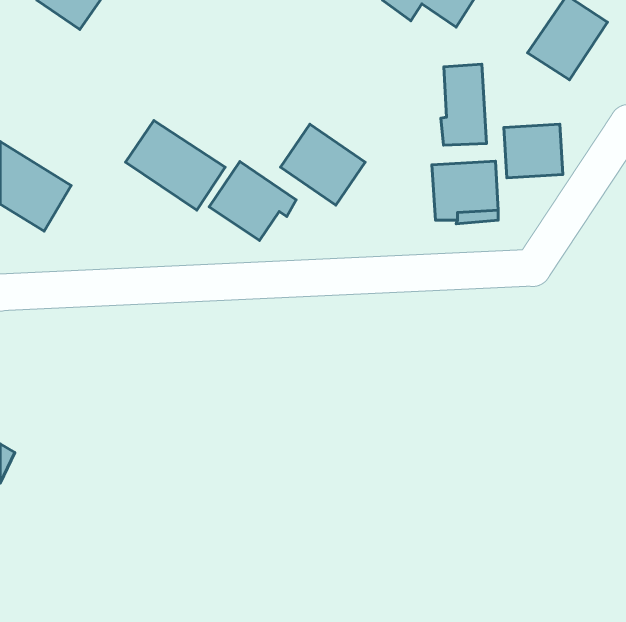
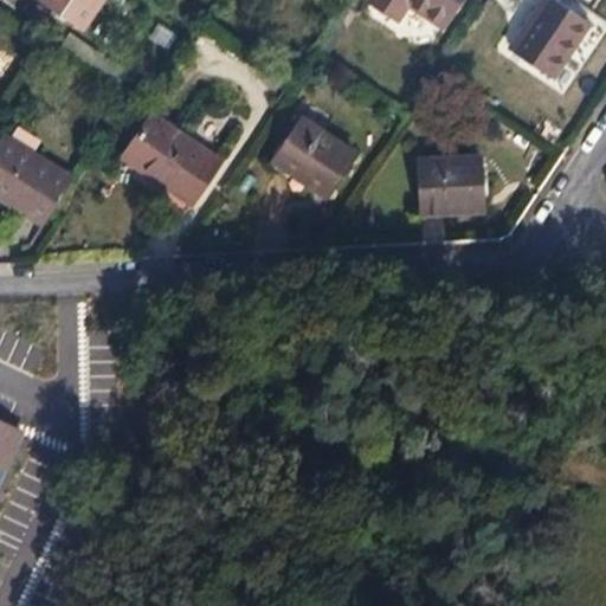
building: [441,64,486,145] -> none
building: [504,124,563,178] -> none
building: [209,162,296,240] -> none

